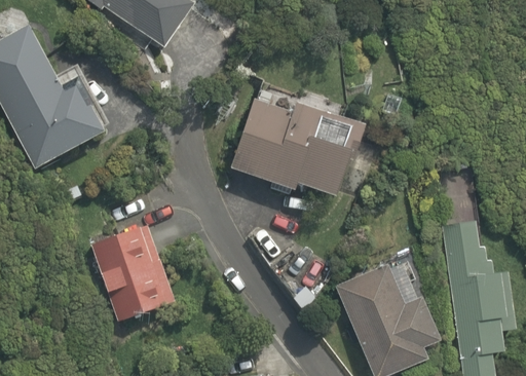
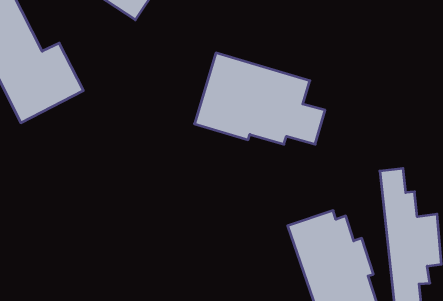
building: [91,217,180,326] -> none

